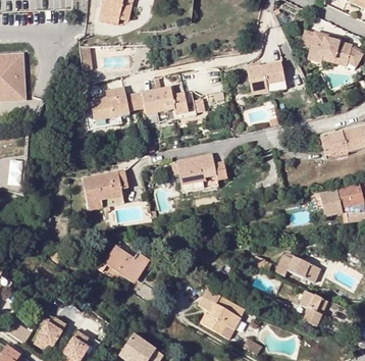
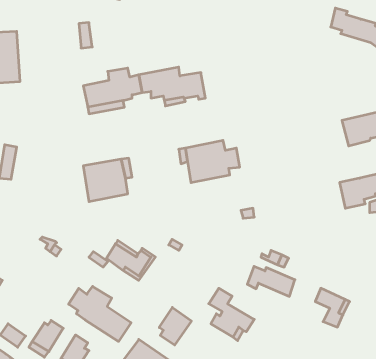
building: [248,62,285,93] -> none
building: [276,254,320,281] -> [247,266,295,296]
building: none -> [69,286,131,341]
building: none -> [159,307,191,345]

